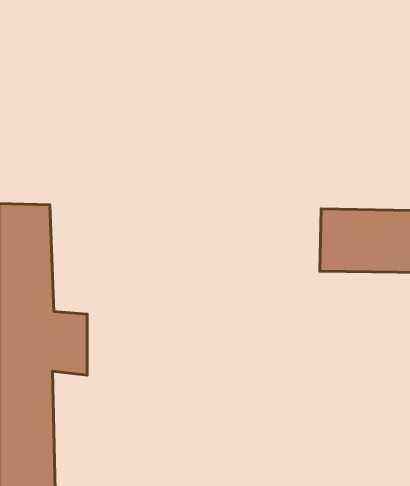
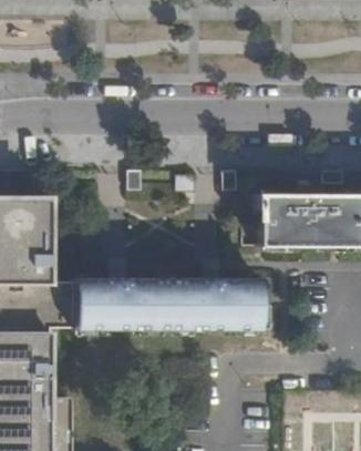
building: none -> [75,276,260,328]

